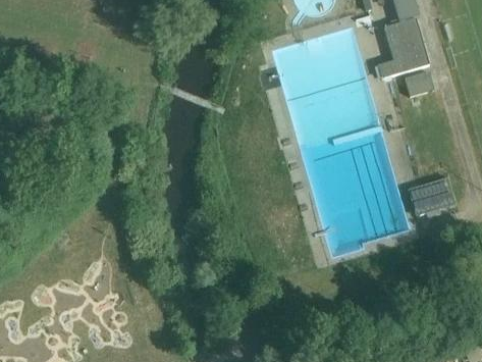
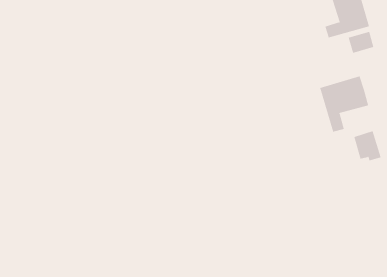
building: none -> [319,75,369,133]

